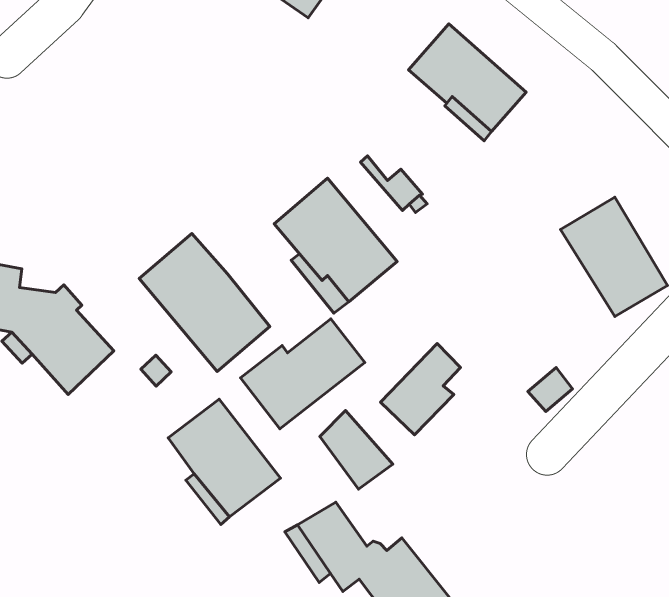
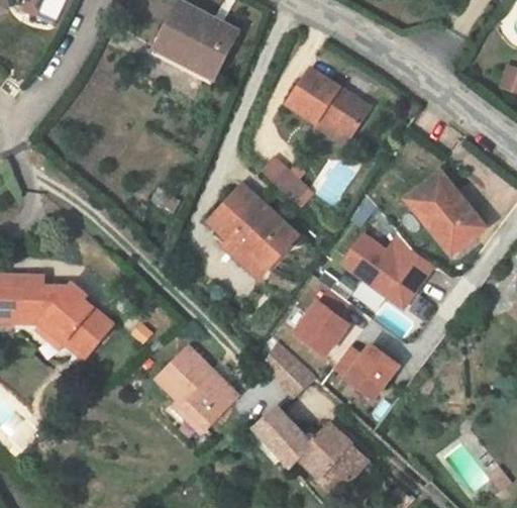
building: [139,233,270,372] -> none
building: none -> [341,231,431,307]
building: [240,319,365,429] -> none
building: none -> [336,340,397,391]

